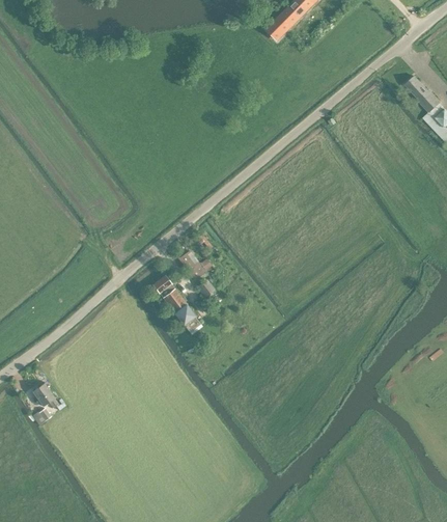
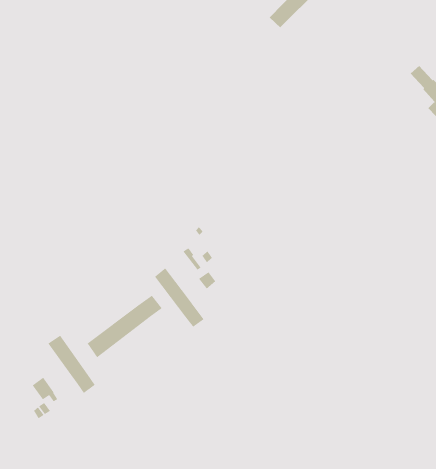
building: none -> [87,295,163,358]
building: none -> [48,335,95,394]

